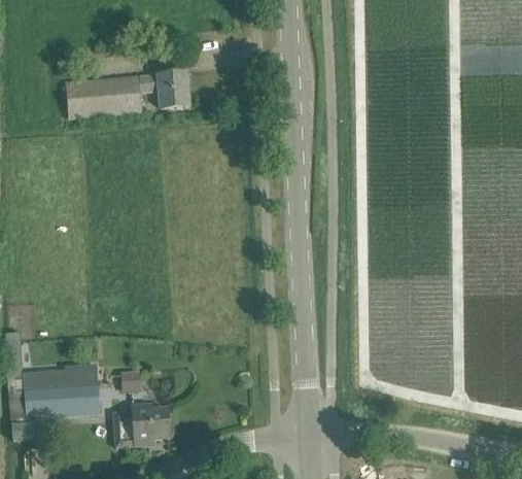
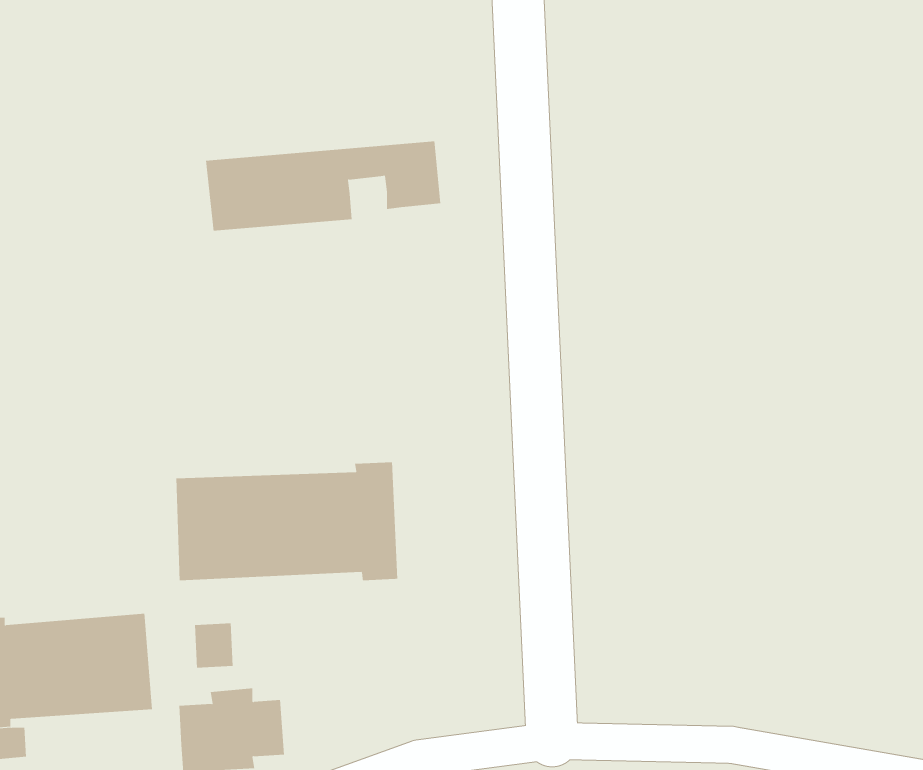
building: [66,72,189,119] -> [205,141,441,231]
building: none -> [176,461,398,581]

